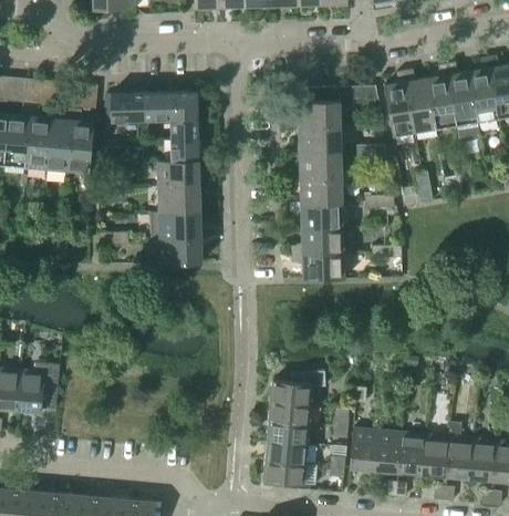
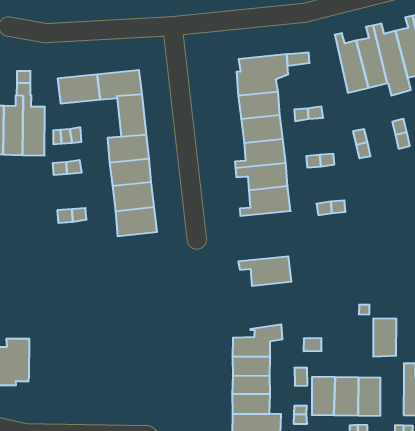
building: [384,71,413,136] -> none
building: [290,252,344,280] -> [238,256,291,286]
building: [420,435,448,476] -> [373,318,396,356]

